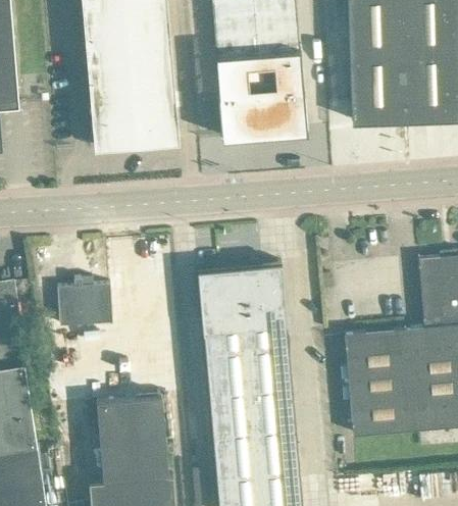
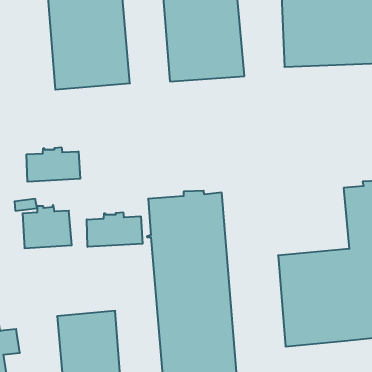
building: none -> [27,147,80,182]
building: none -> [87,212,143,247]

